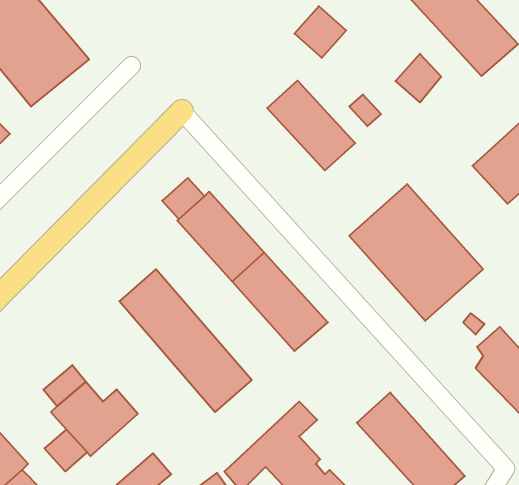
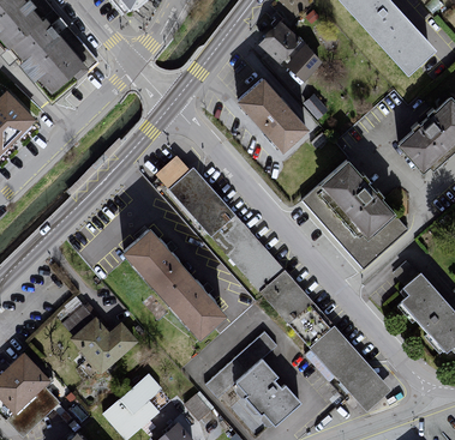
building: [395,54,441,102] -> [283,42,319,80]
building: none -> [258,269,334,348]
building: [45,429,87,471] -> none

